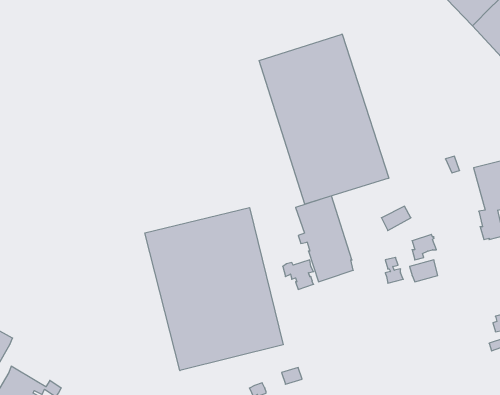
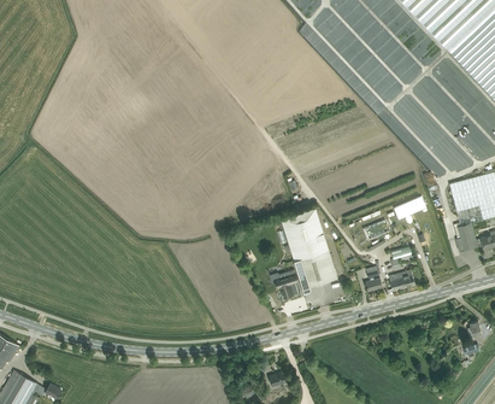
building: [259,34,389,204] -> none
building: [145,208,283,371] -> none

